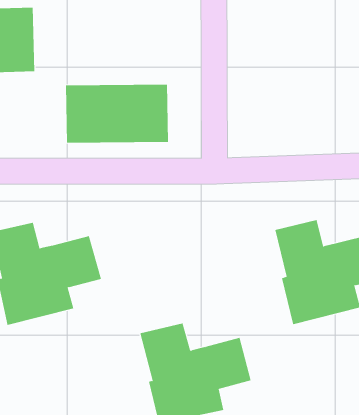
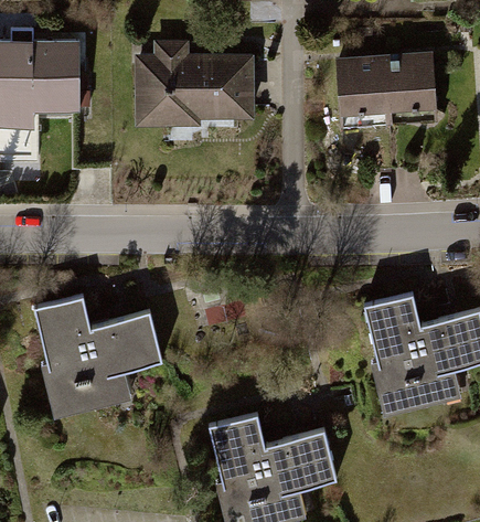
building: none -> [338,57,438,117]
building: [65,84,169,143] -> [137,56,257,125]

